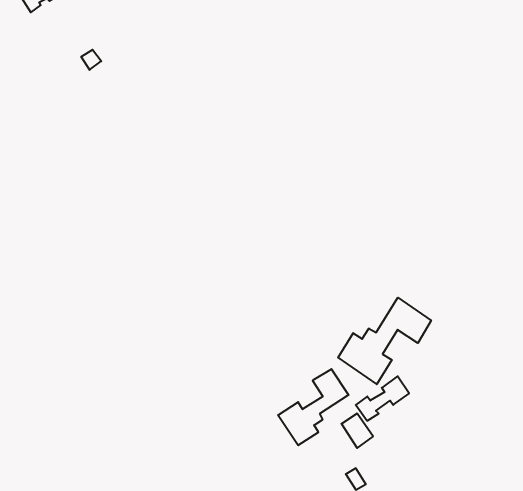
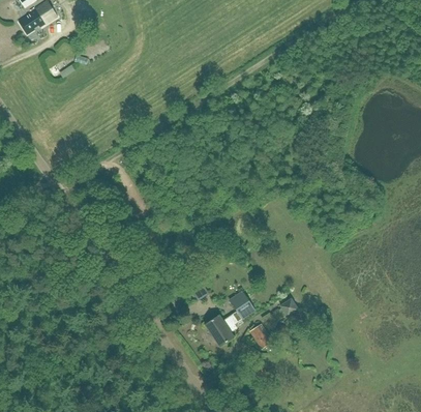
building: [338,298,431,384] -> none

